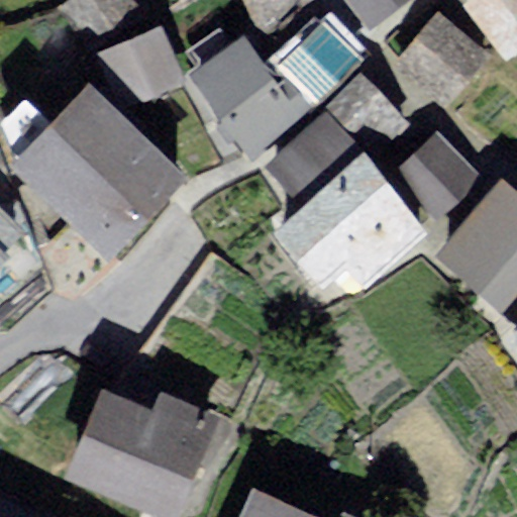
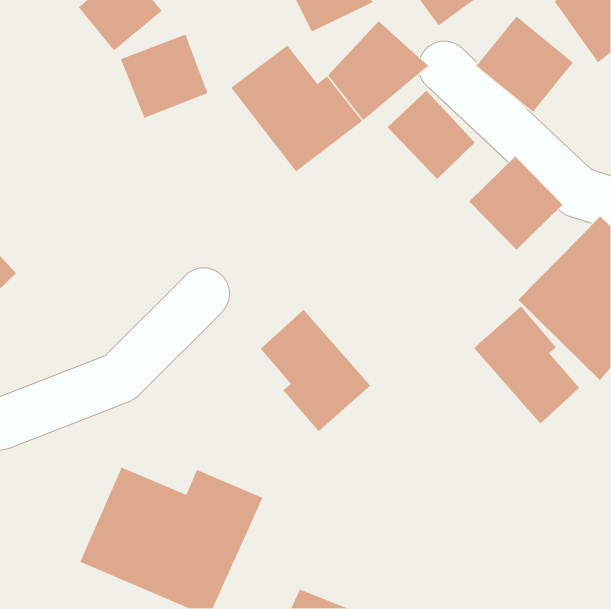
building: [15,88,180,251] -> none
building: [268,117,419,281] -> none
building: none -> [473,306,580,425]
building: none -> [260,309,371,432]

